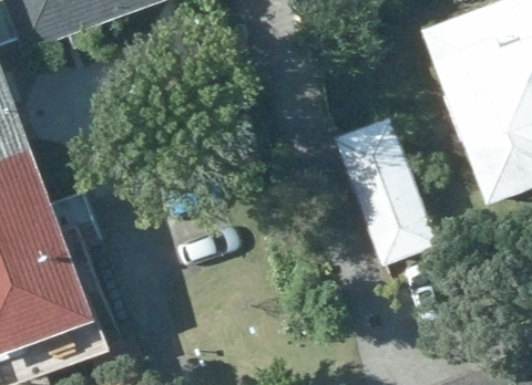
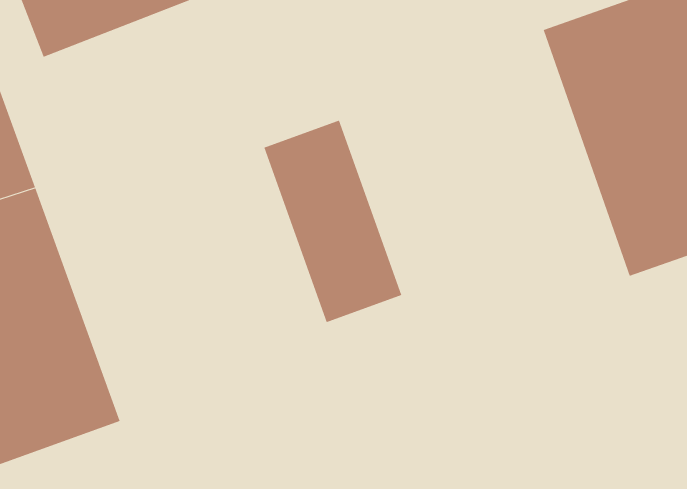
building: [330,114,436,268] -> [263,120,402,323]

